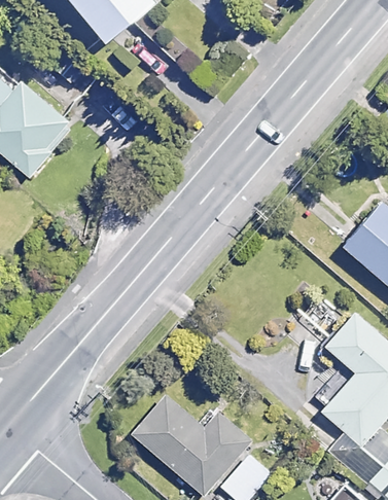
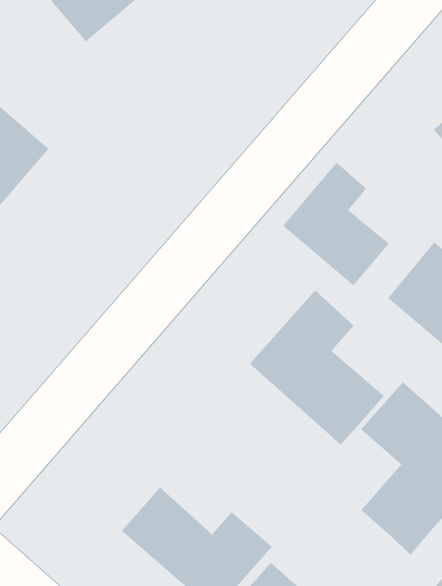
building: none -> [282,161,390,286]
building: none -> [249,289,385,446]

